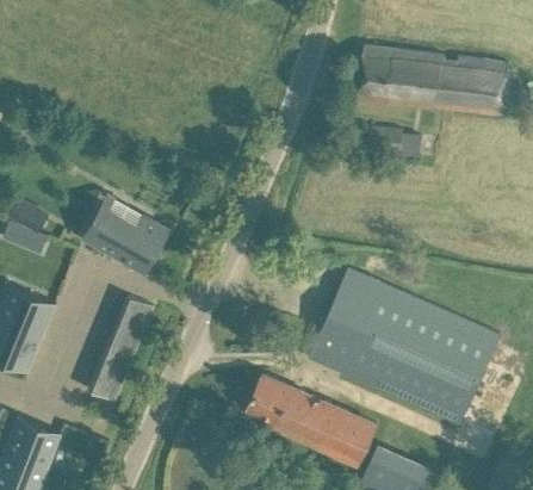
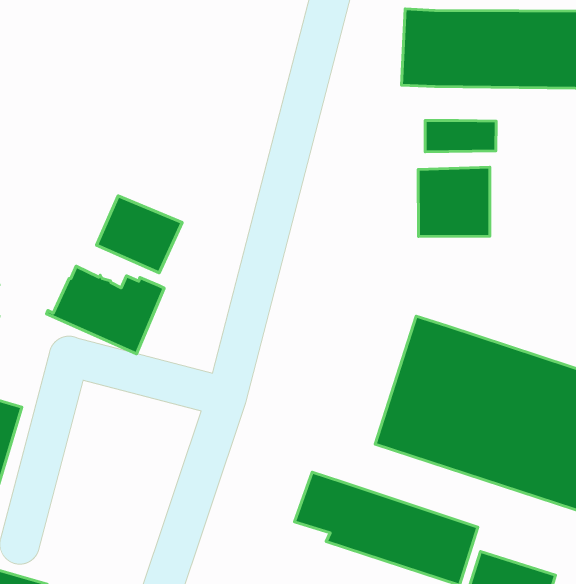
building: none -> [96,196,182,273]
building: none -> [418,167,490,237]
building: [92,292,157,401] -> none

